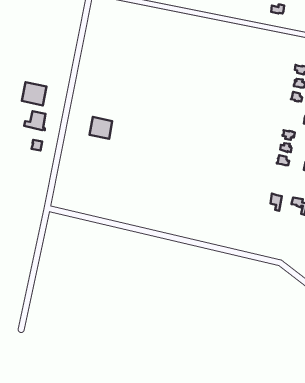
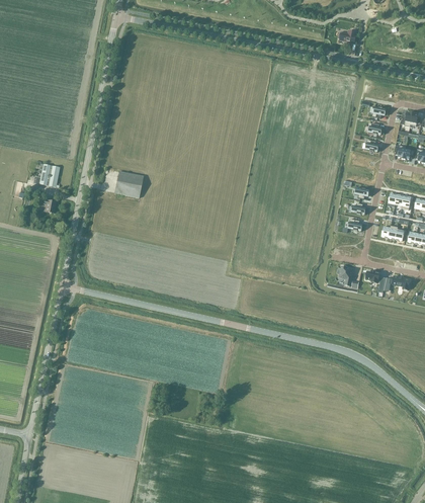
building: [22,82,46,105] -> none

